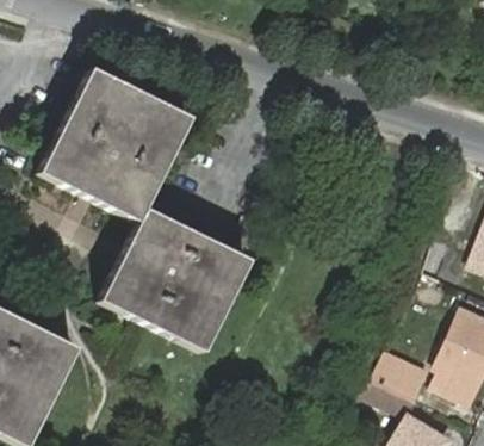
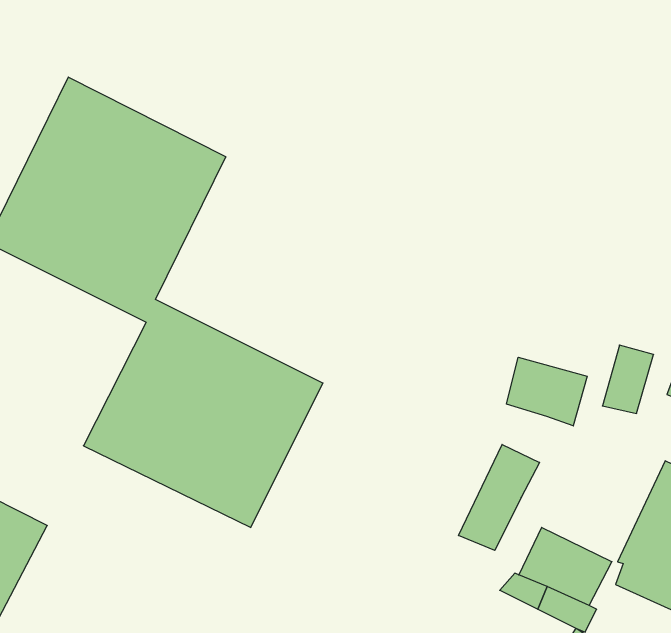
building: none -> [507,357,587,426]
building: none -> [459,444,540,550]

